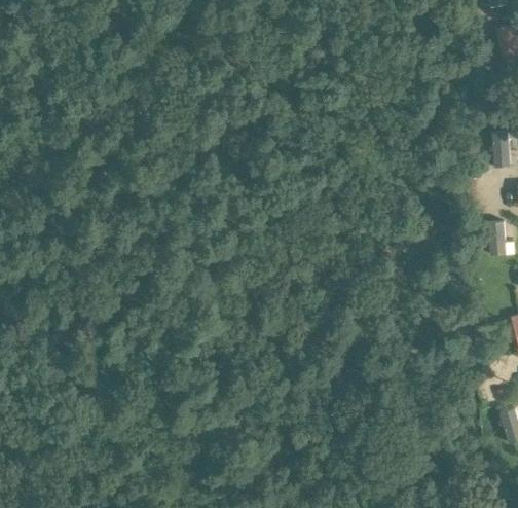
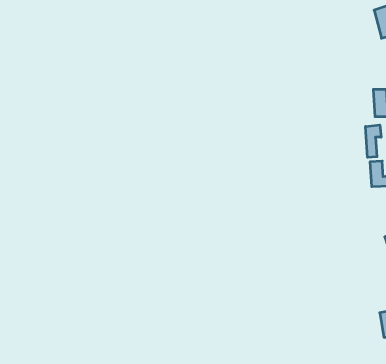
building: none -> [366,125,381,157]

